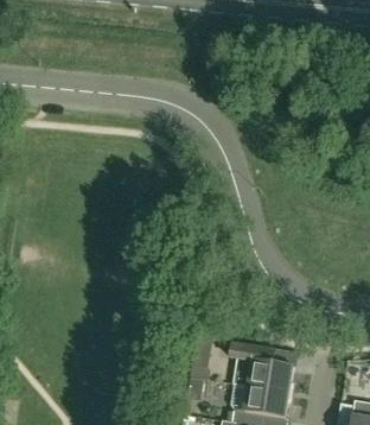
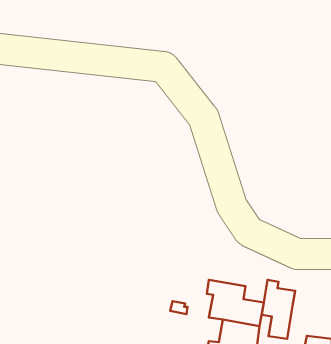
building: none -> [262,280,295,339]

